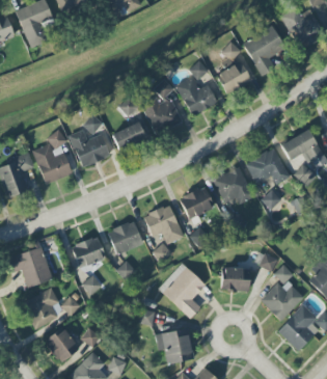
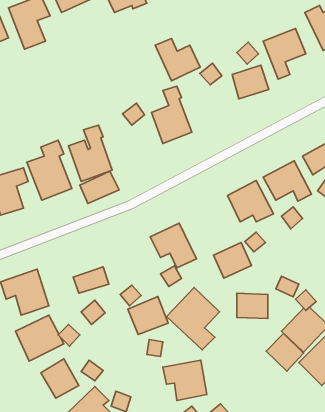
building: [176,78,217,116] -> [155,38,200,81]
building: [111,121,146,151] -> [80,171,119,203]
building: [180,187,214,219] -> [213,243,251,278]
building: [107,220,143,254] -> [128,297,168,335]
building: none -> [266,334,303,371]

